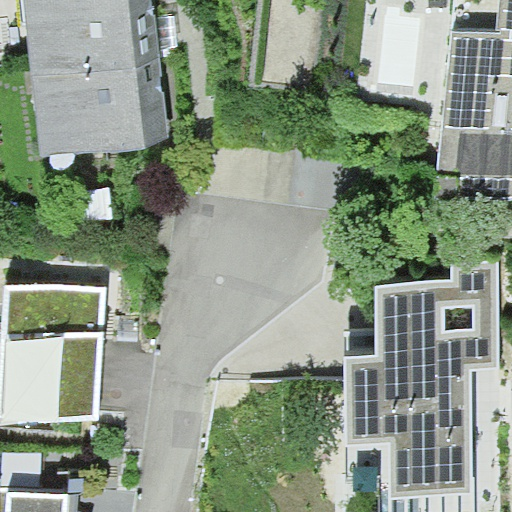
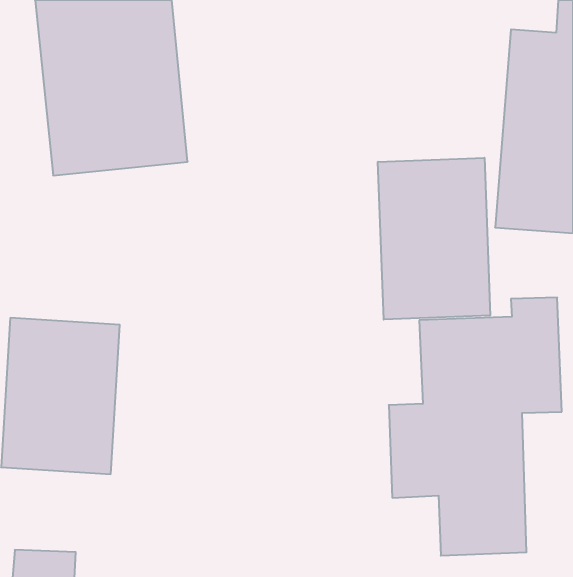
building: none -> [378,158,490,320]

